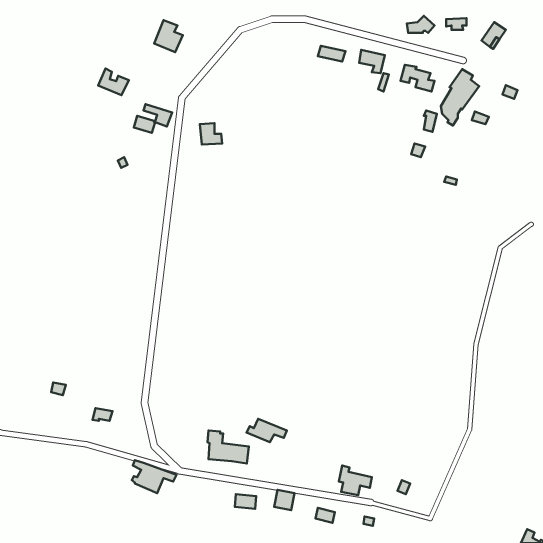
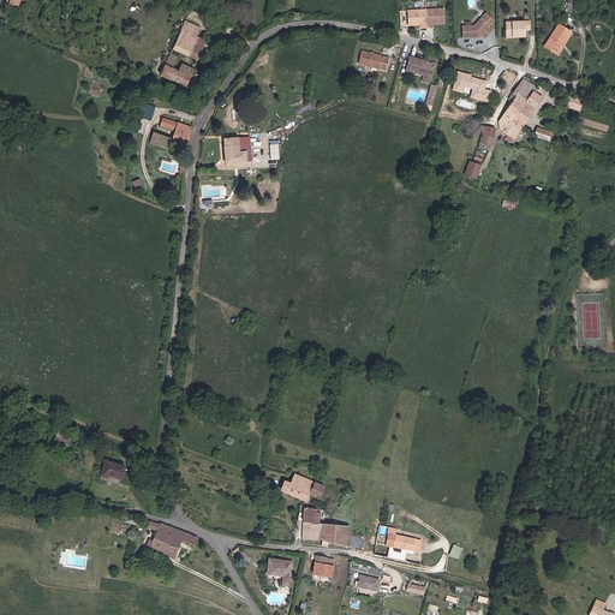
building: none -> [406,8,443,28]
building: [98,69,129,95] -> [161,55,196,85]
building: [207,430,249,463] -> [300,507,347,544]

